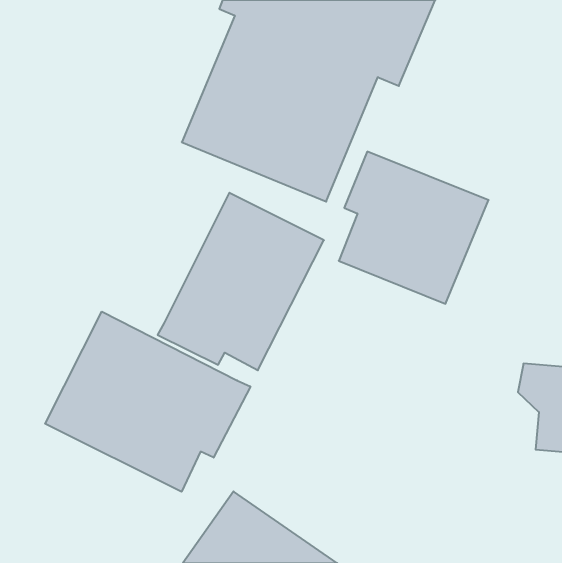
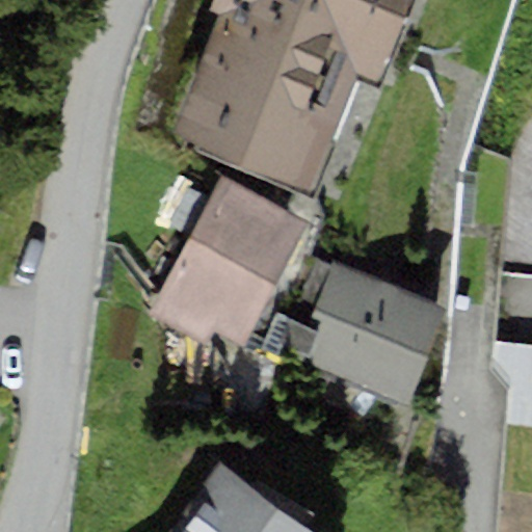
building: [339,152,489,304] -> [307,264,448,407]
building: [45,312,250,492] -> none

